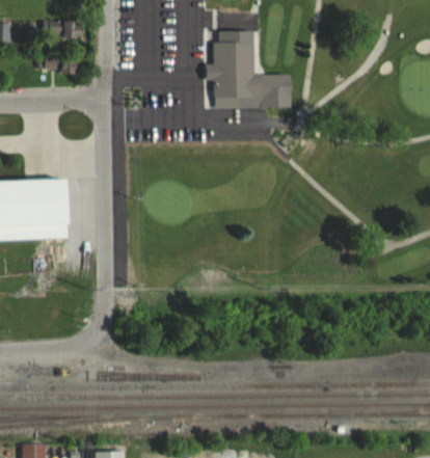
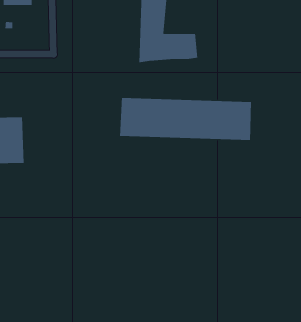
building: none -> [119,97,252,141]

